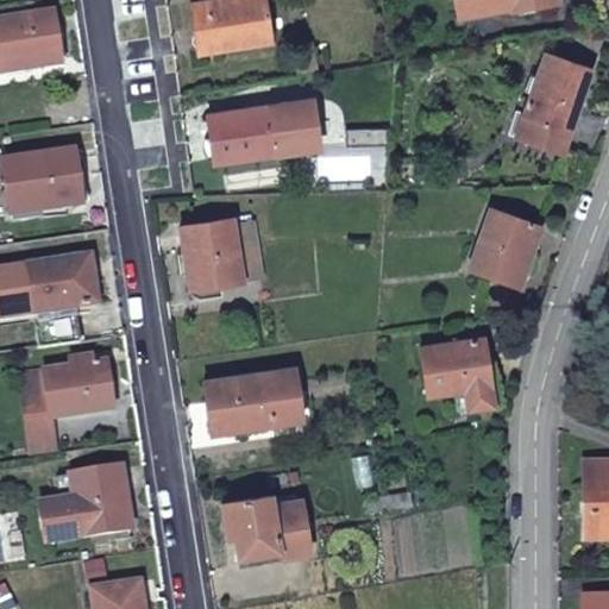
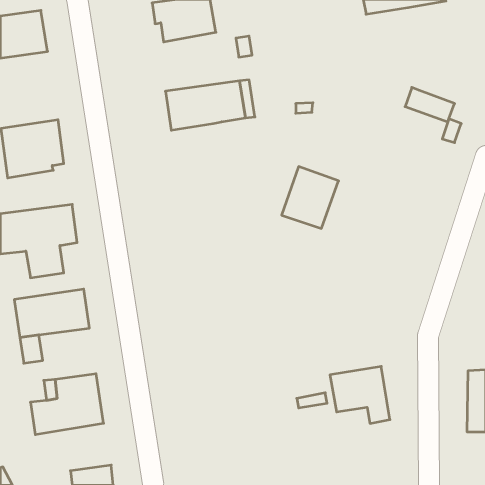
building: [526,52,591,130] -> none
building: [470,208,541,285] -> [282,167,339,228]
building: [181,218,263,289] -> none
building: [420,337,495,408] -> [330,366,390,423]
building: [205,368,303,428] -> none
building: [224,495,312,565] -> none

